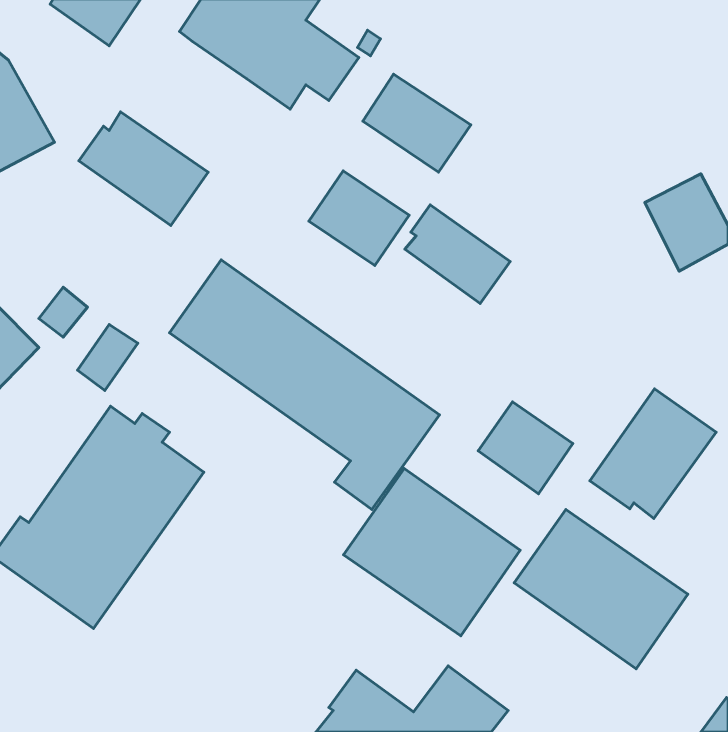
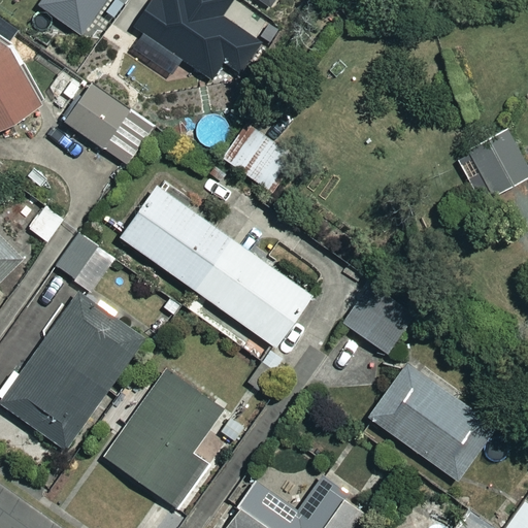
building: [363,74,471,172] -> none
building: [405,205,510,304] -> none
building: [590,389,716,519] -> none
building: [344,469,520,636] -> none
building: none -> [104,370,222,504]

